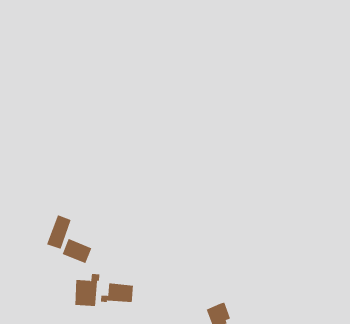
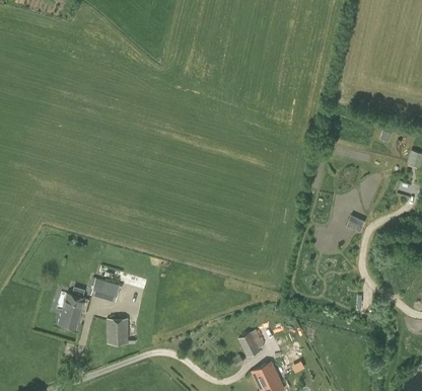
building: [46,215,72,250] -> [60,294,83,328]
building: [100,283,133,303] -> none

